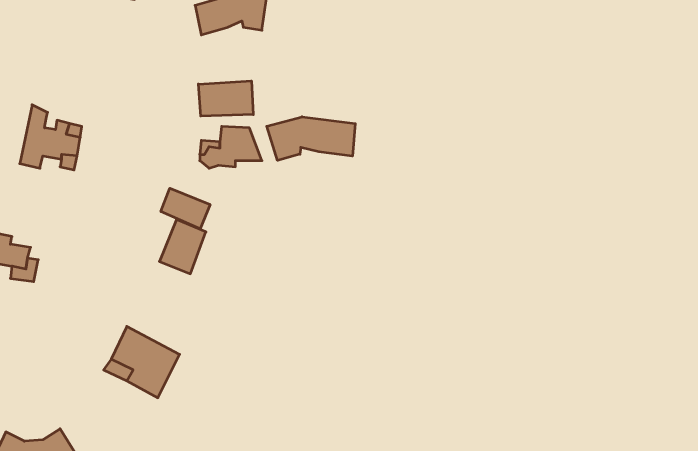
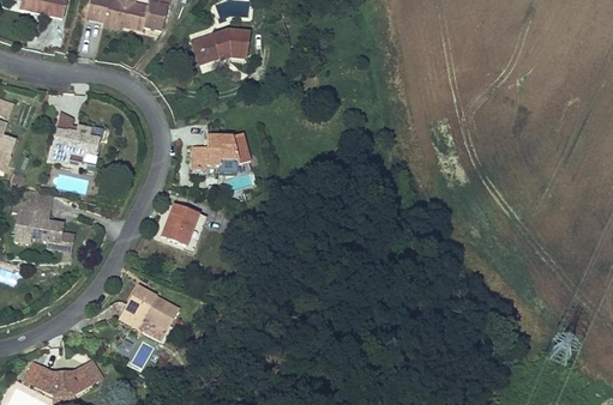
building: [198,81,253,116] -> none
building: [267,117,355,160] -> none
building: [161,188,210,229] -> none

